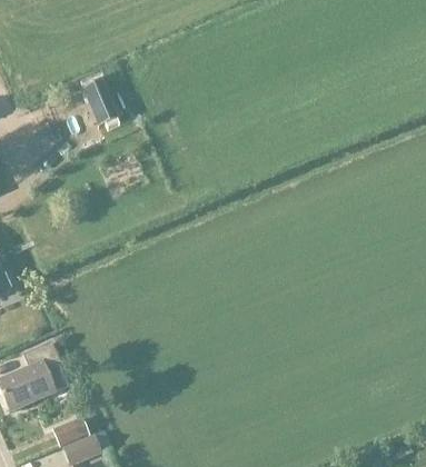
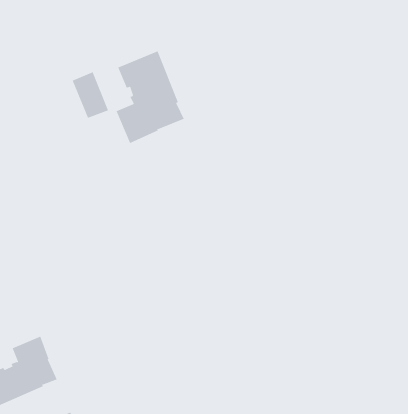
building: none -> [116,51,184,144]

